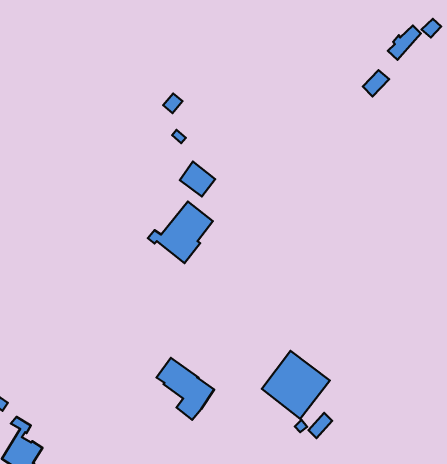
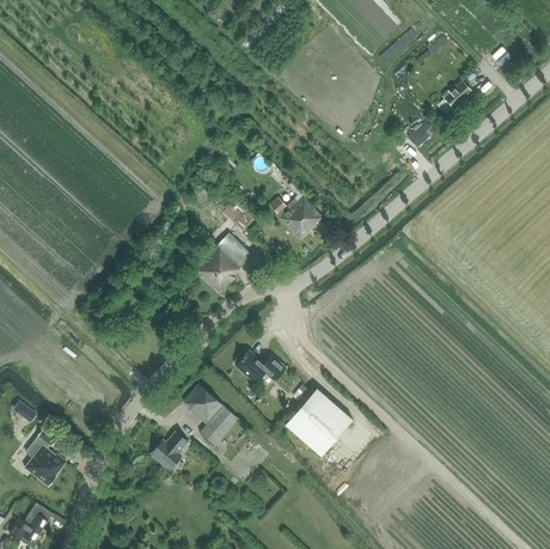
building: none -> [270,196,322,239]
building: none -> [234,350,286,383]
building: none -> [151,432,187,469]

